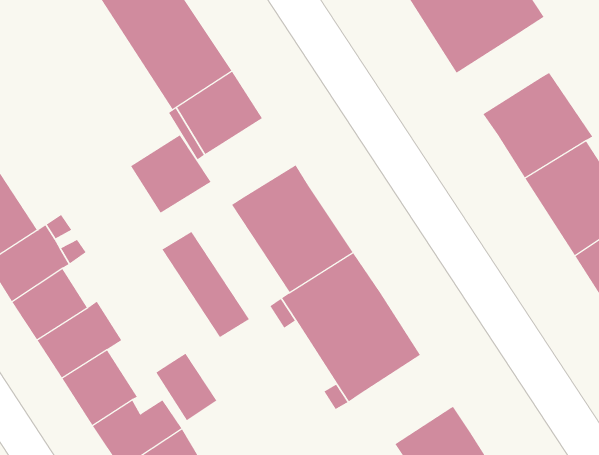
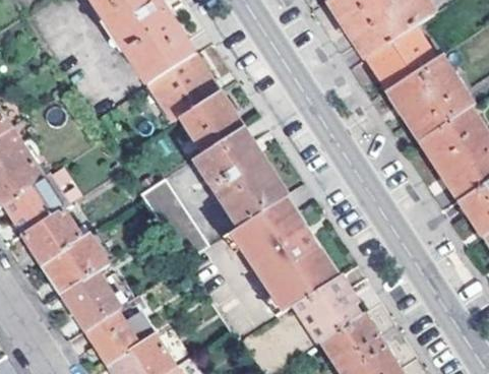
building: none -> [367,29,432,89]
building: [130,135,212,213] -> [179,92,242,153]
building: [155,353,217,421] -> none
building: none -> [293,275,363,345]

